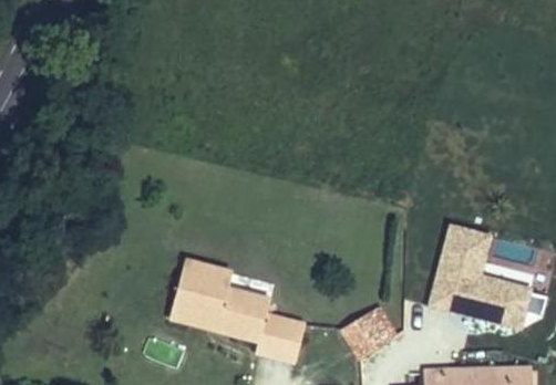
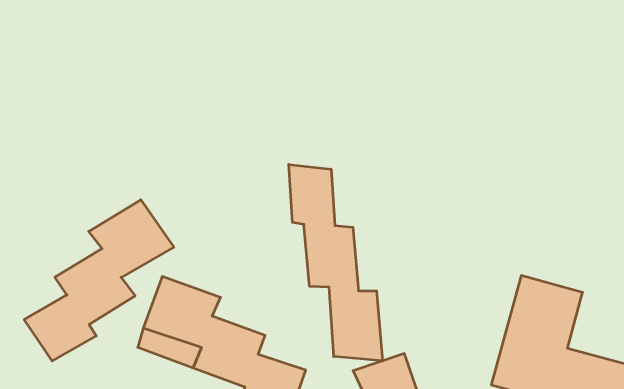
building: none -> [289,164,383,361]
building: none -> [24,200,174,361]

